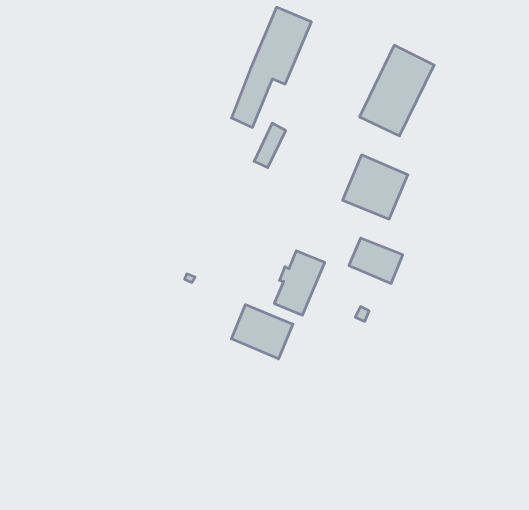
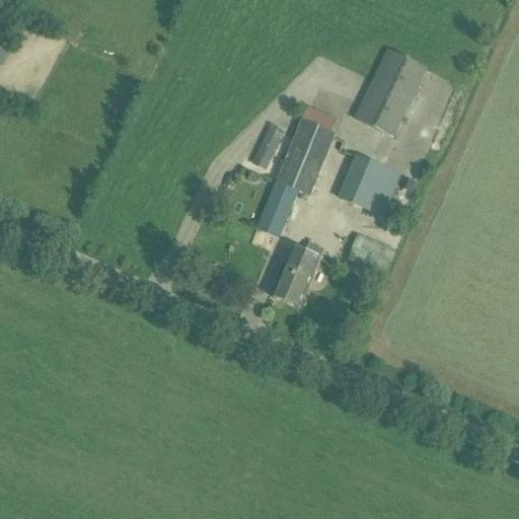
building: [231,7,311,127] -> [258,119,336,234]
building: [231,305,293,359] -> none

